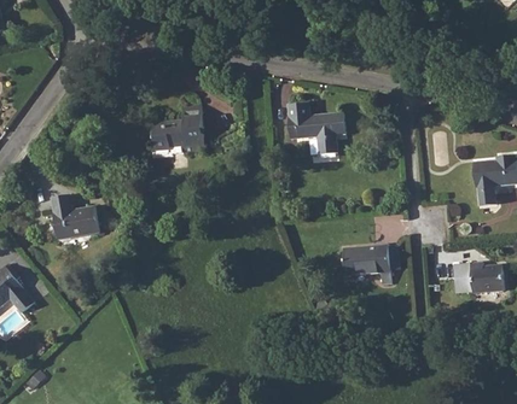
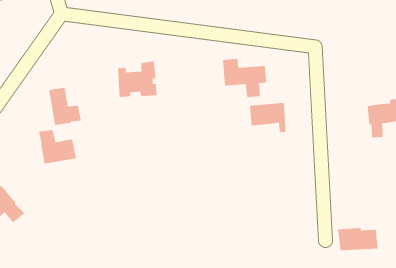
building: none -> [49,87,82,126]
building: [343,245,391,283] -> [249,103,287,133]
building: [452,263,505,293] -> [337,227,378,251]

